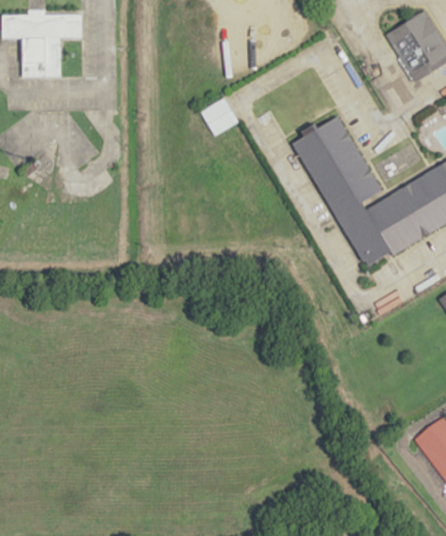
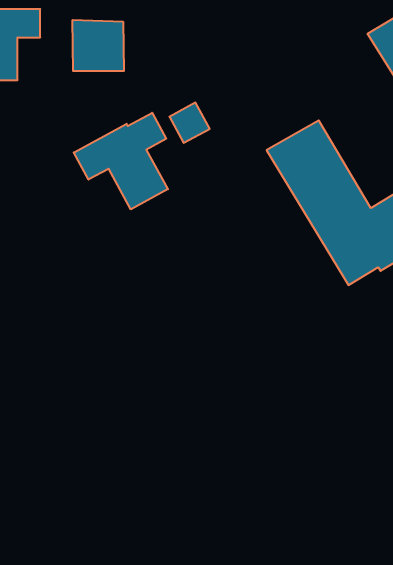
building: none -> [73,20,124,71]
building: none -> [74,113,168,209]

